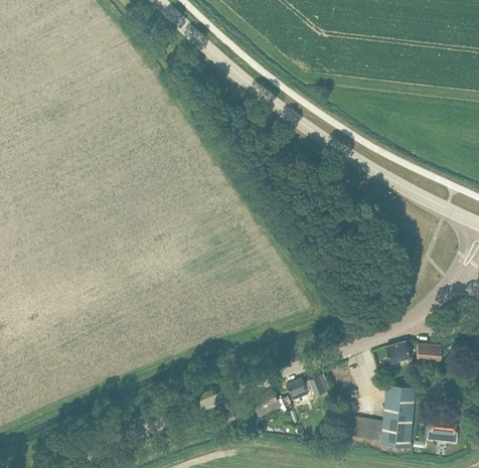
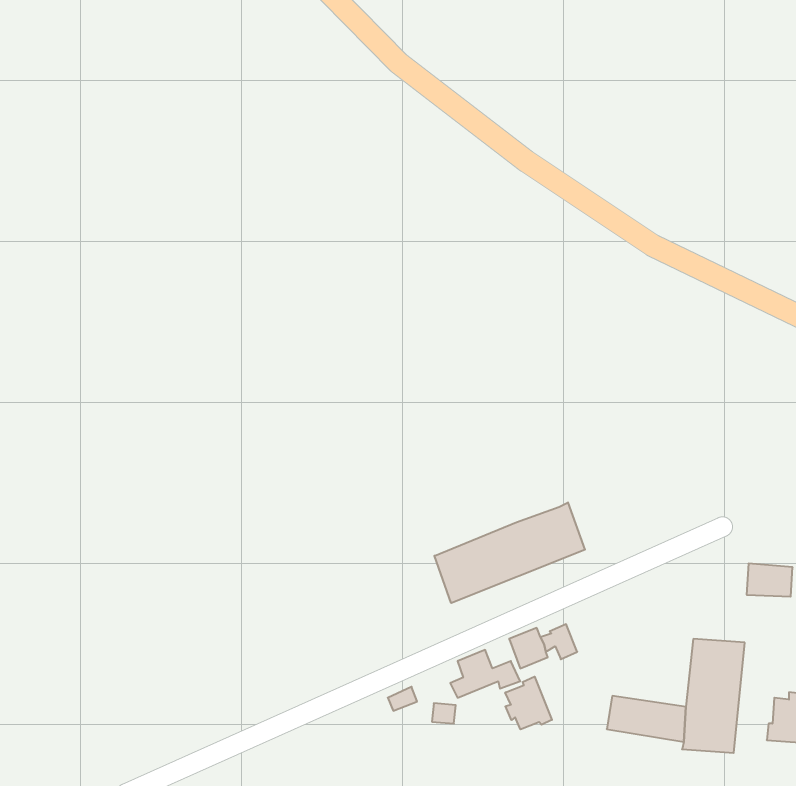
building: none -> [434,502,585,603]
building: [385,340,411,362] -> none
building: none -> [505,677,552,729]

